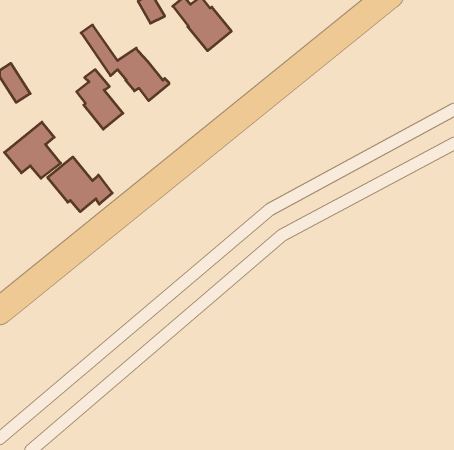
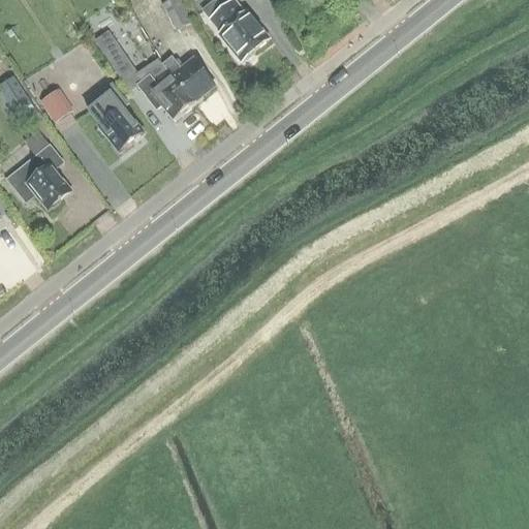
building: none -> [161,53,215,96]
building: none -> [39,87,72,121]
building: [48,157,112,212] -> none

